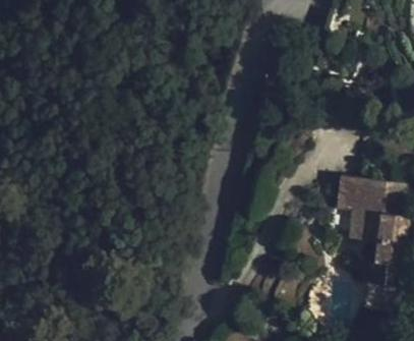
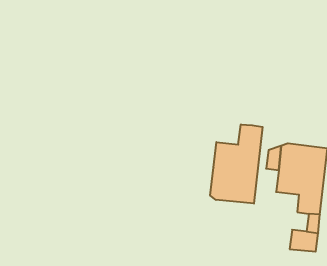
building: none -> [210,124,263,204]

